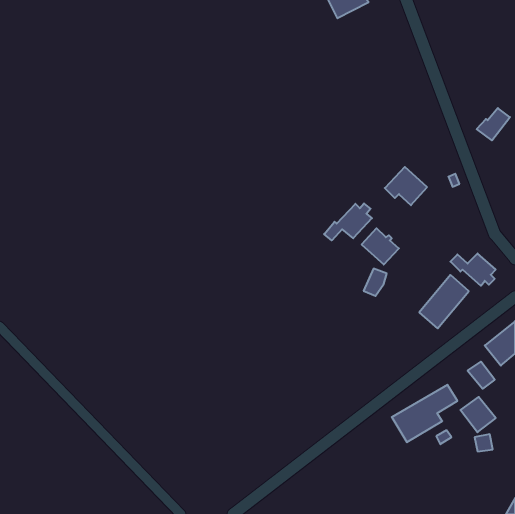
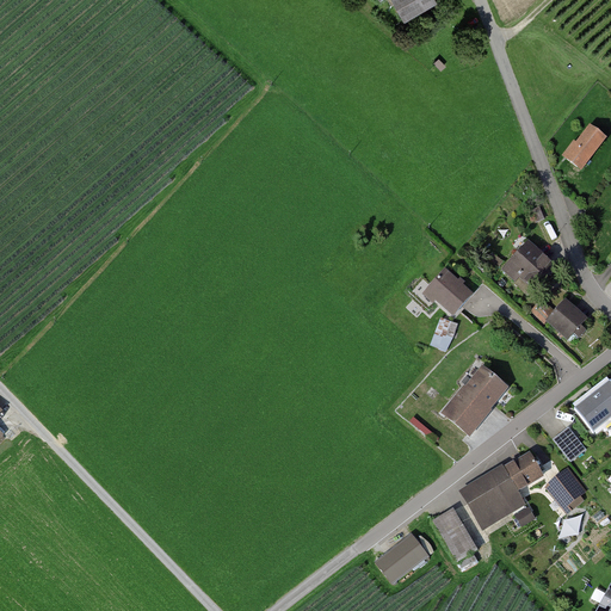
building: [385,167,427,205] -> [502,242,553,288]
building: [324,203,372,240] -> none
building: [419,275,469,328] -> [445,369,504,432]
building: none -> [433,510,476,567]
building: none -> [375,533,427,582]

